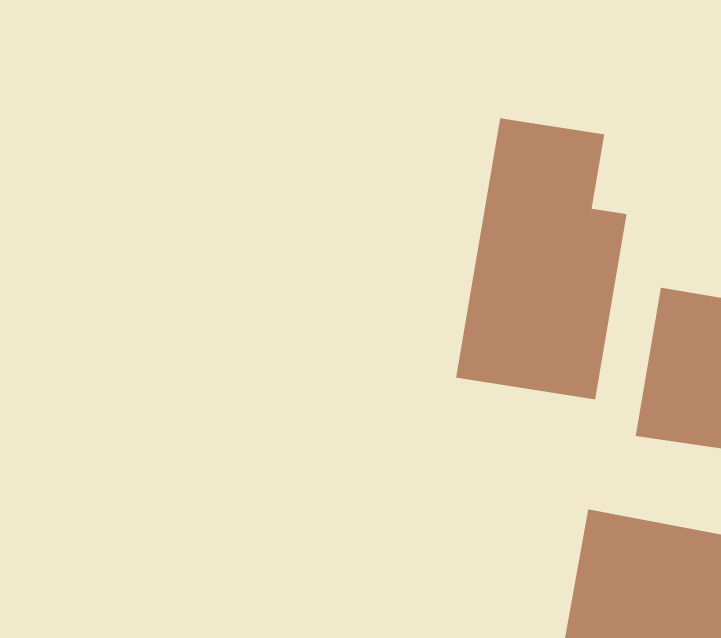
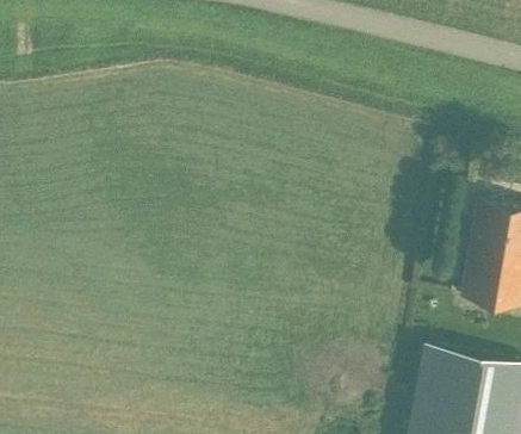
building: [456,117,627,400] -> none

